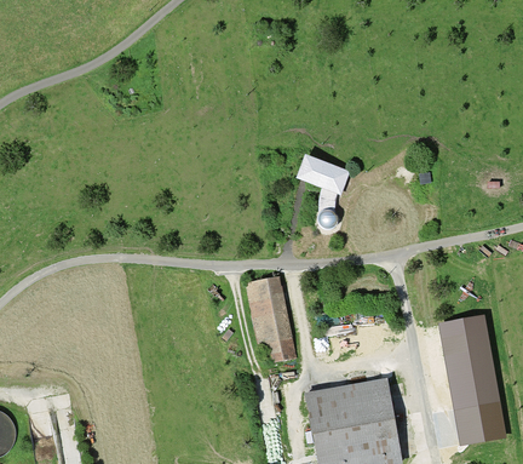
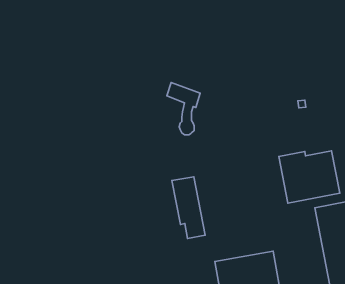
building: [299,159,345,230] -> [167,83,200,135]
building: none -> [279,151,340,203]

